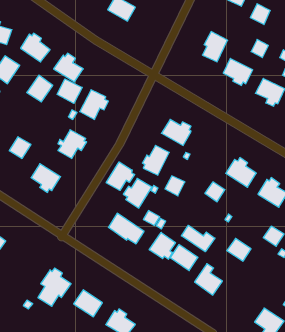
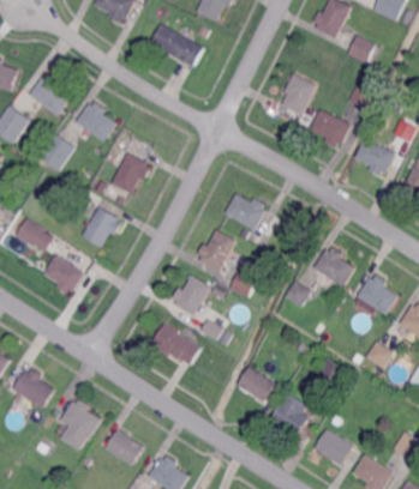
building: [57,79,82,103] -> none
building: [106,162,135,190] -> none
building: [181,225,215,252] -> none
building: [149,232,175,259] -> none
building: none -> [13,368,55,408]
building: none -> [313,428,353,465]

